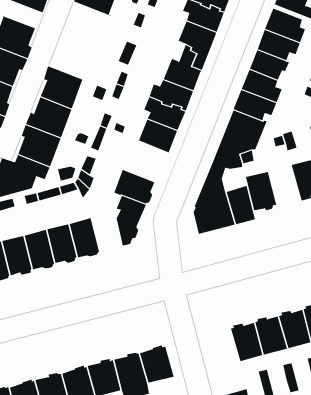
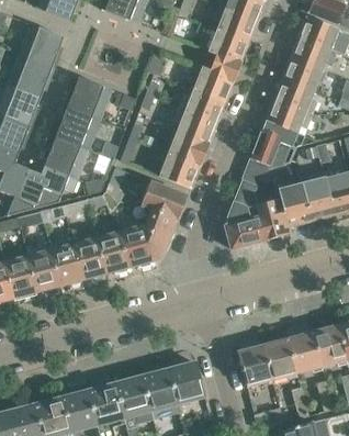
building: none -> [159,152,200,188]
building: none -> [302,170,335,220]
building: none -> [120,224,151,266]
building: none -> [237,345,272,385]

